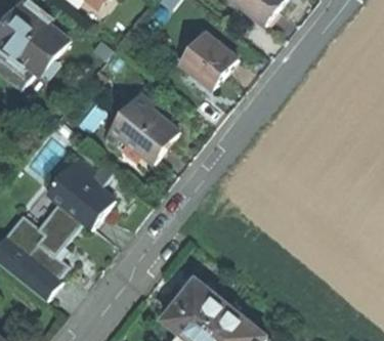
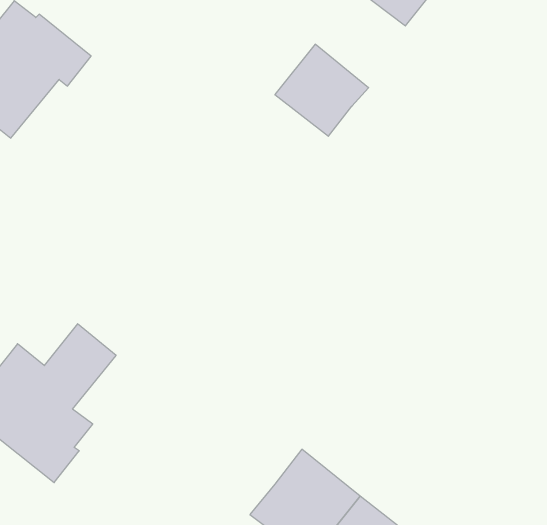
building: [105,92,179,162] -> none
building: [48,157,114,227] -> none

